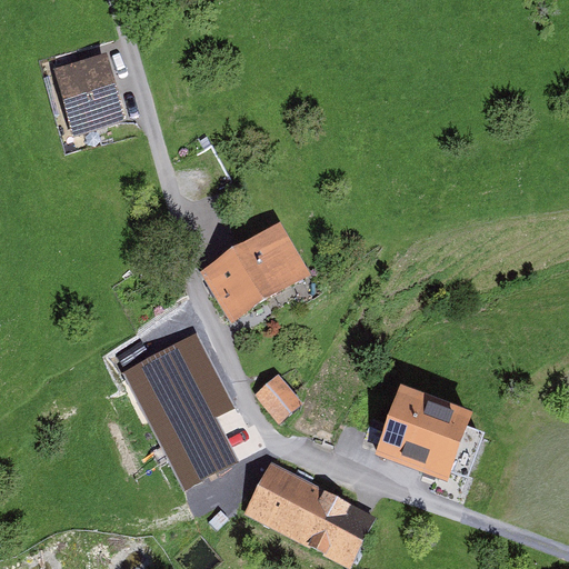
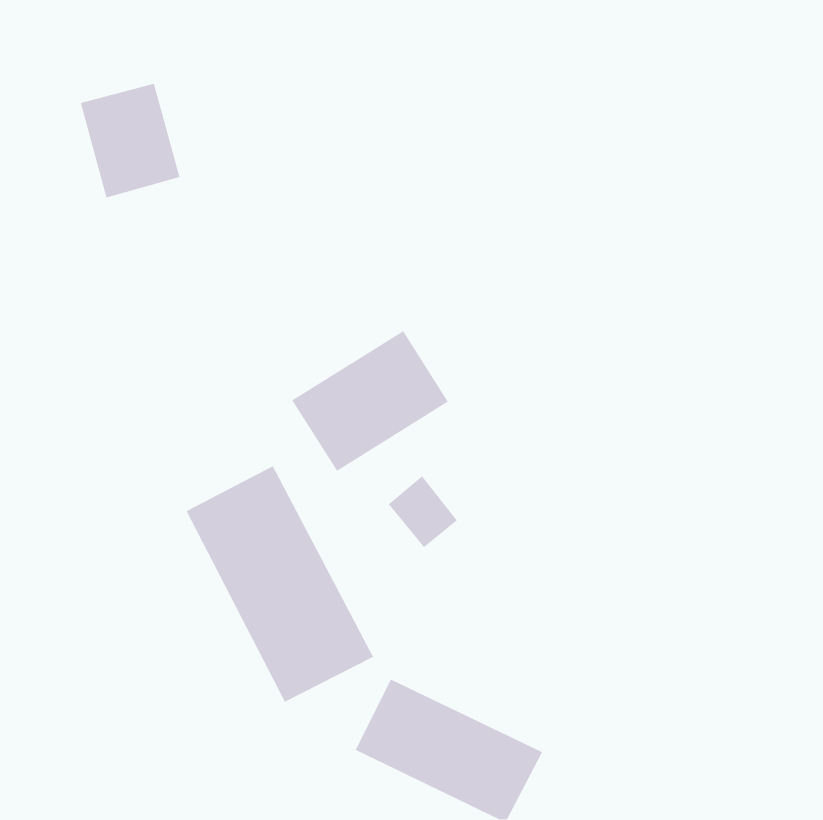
building: [250,371,298,421] -> [388,475,458,548]
building: [373,389,467,480] -> none

